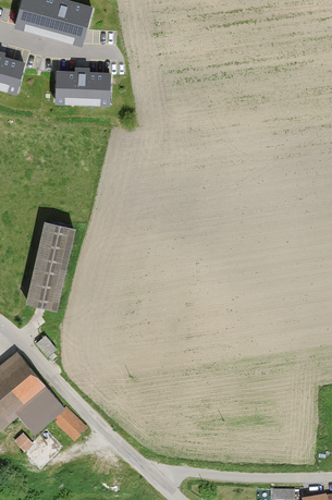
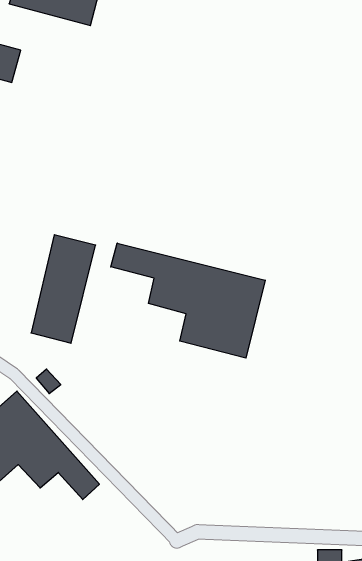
building: [51,72,107,101] -> none
building: none -> [111,243,265,358]

